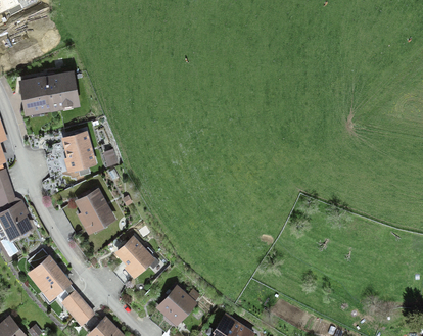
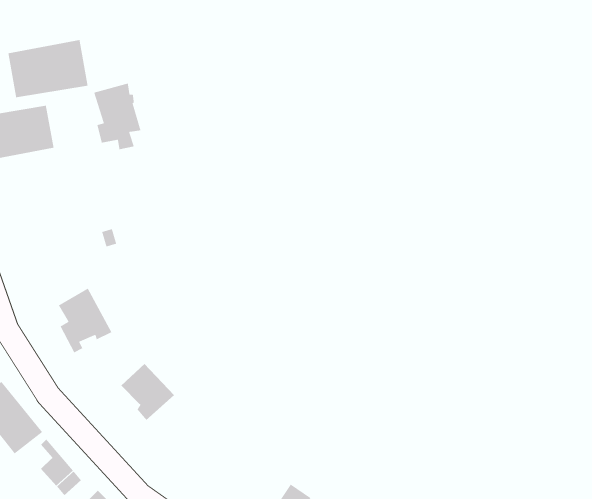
building: none -> [8,39,89,98]
building: [63,132,94,175] -> [93,83,141,150]
building: [159,287,193,319] -> none

